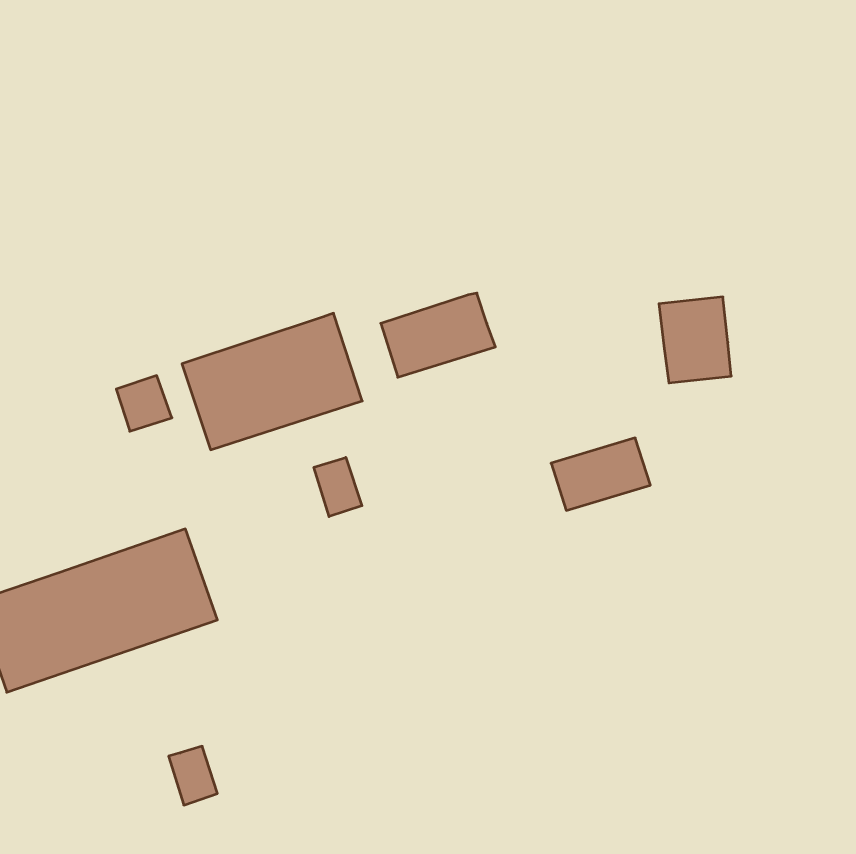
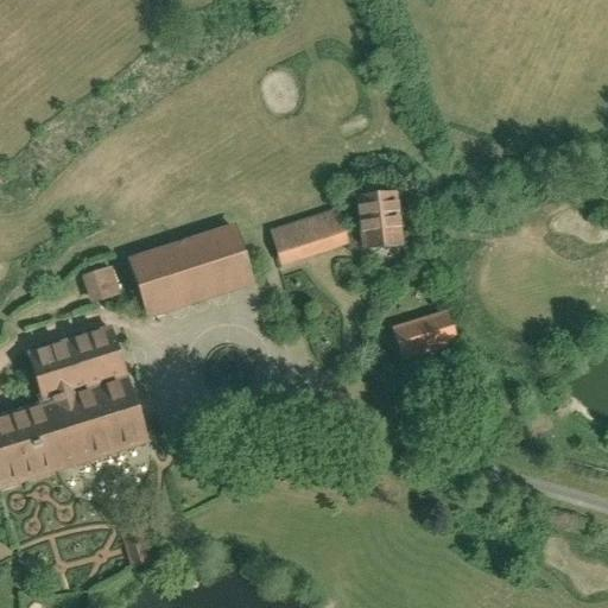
building: [659,297,731,383] -> [356,190,407,251]
building: none -> [24,322,131,404]
building: [314,457,362,517] -> none

